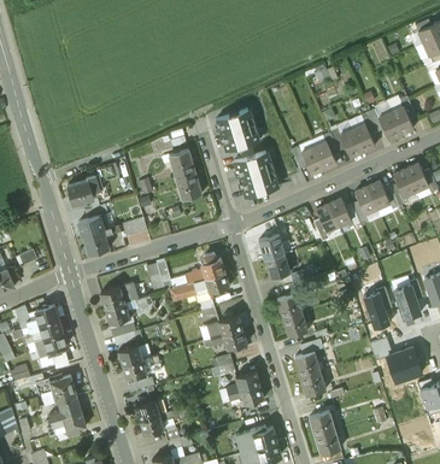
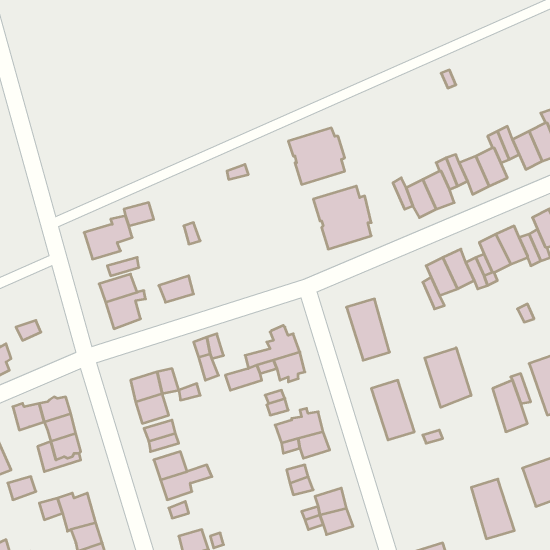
building: [169,149,201,200] -> none
building: none -> [425,348,471,407]
building: [294,352,325,395] -> [471,479,514,539]

